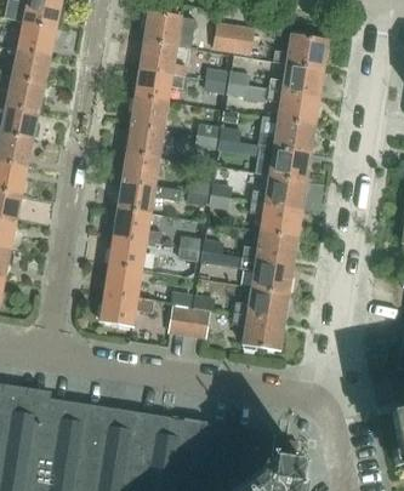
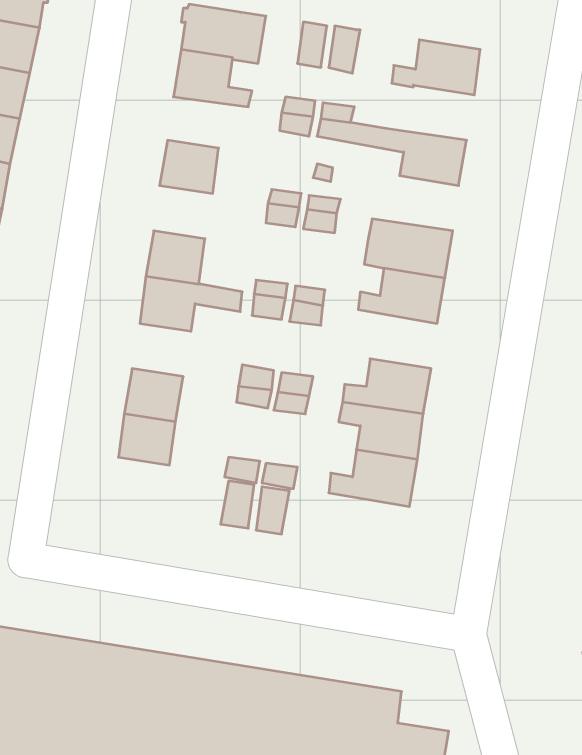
building: [269,61,324,95] -> none
building: [135,68,184,99] -> none
building: [260,114,314,150] -> none
building: [126,122,163,155] -> none
building: [250,199,301,235] -> none
building: [113,207,161,242] -> none
building: [97,290,154,324] -> none
building: [232,312,284,348] -> none

